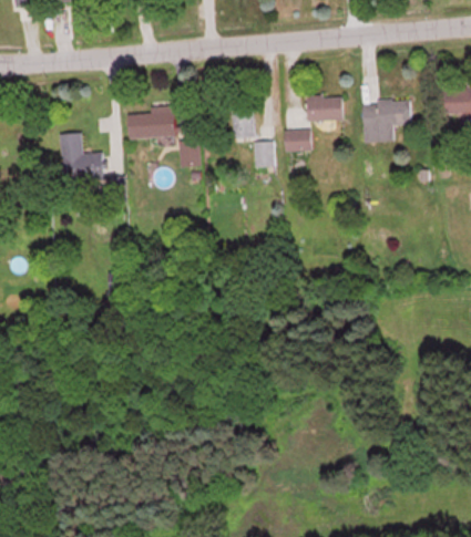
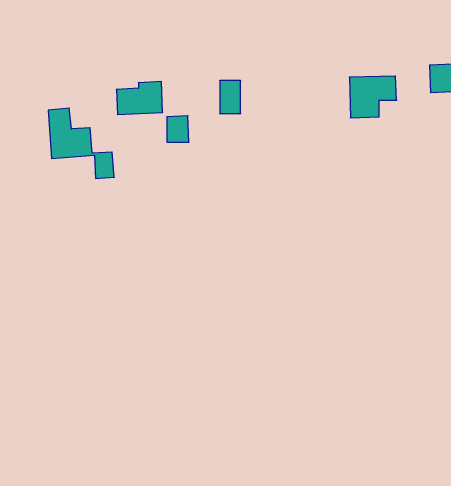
building: [307,95,342,120] -> none
building: [285,130,311,151] -> none
building: [255,142,275,166] -> none

